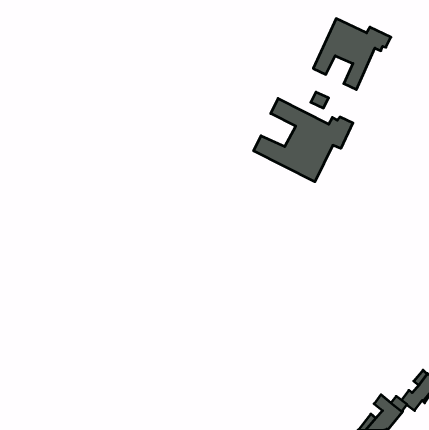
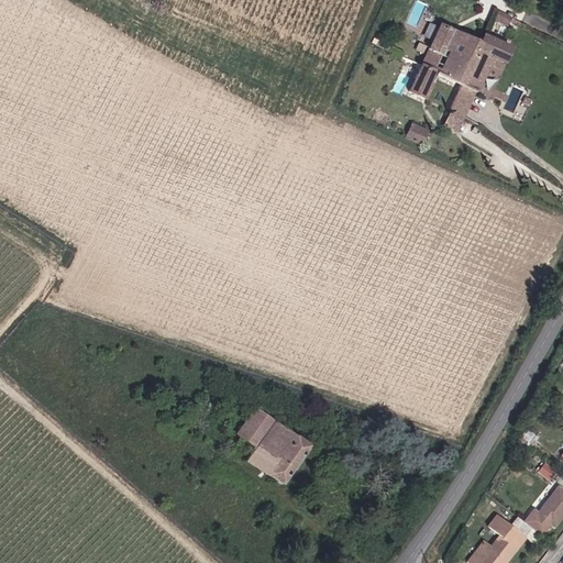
building: [254,98,353,182] -> none
building: none -> [238,406,311,483]

